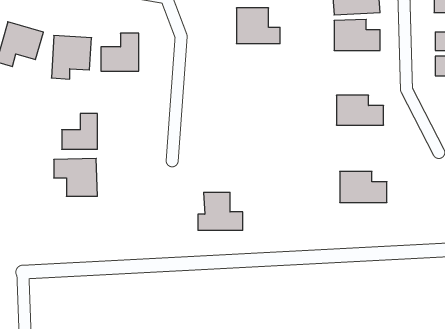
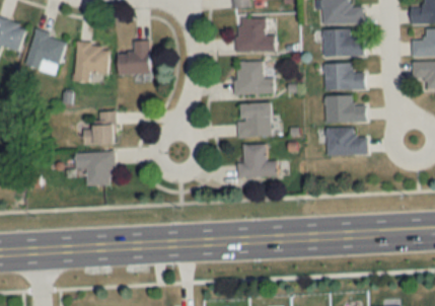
building: none -> [235,62,273,94]
building: none -> [324,64,365,89]
building: none -> [238,103,271,137]
building: [340,171,387,202] -> [325,128,367,155]
building: [198,192,243,230] -> [237,144,277,177]

